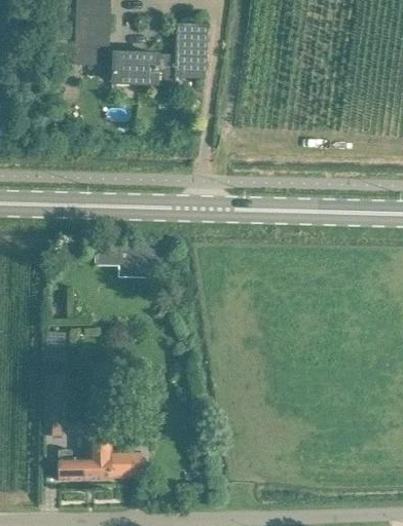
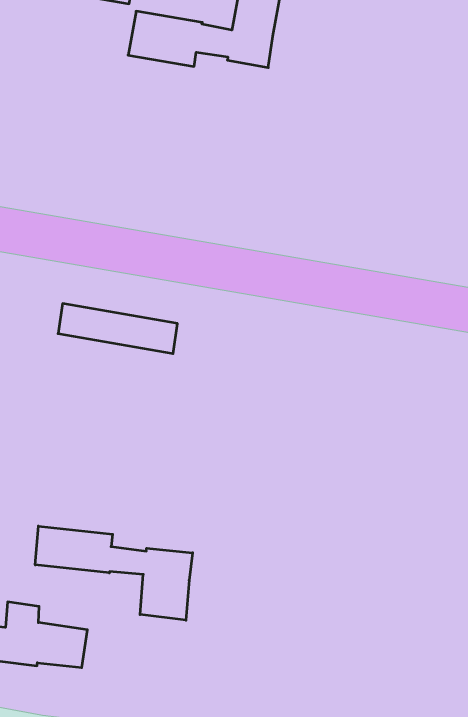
building: none -> [35,526,193,620]

